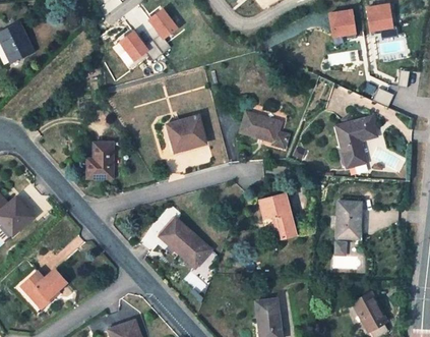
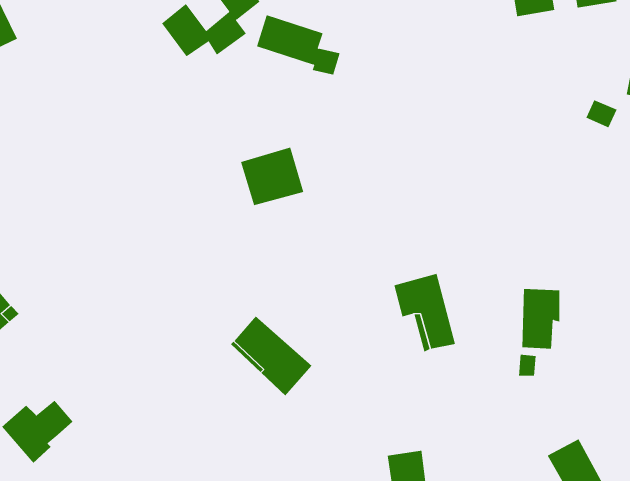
building: [240,112,291,149] -> [256,14,340,75]
building: [336,117,376,167] -> none
building: [87,143,113,177] -> none

